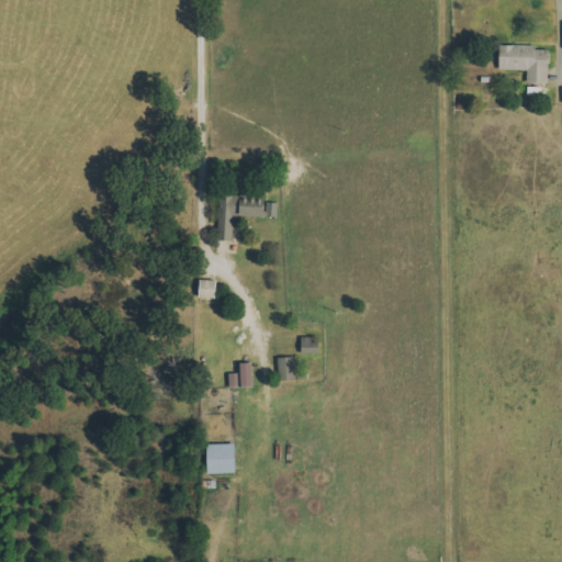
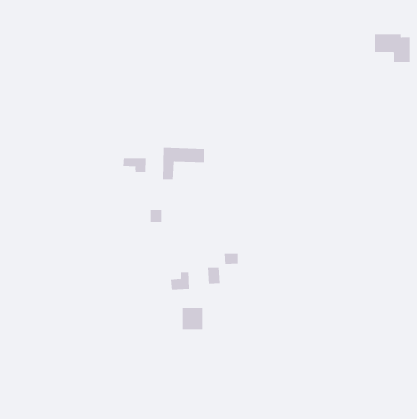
building: none -> [123,157,146,173]
building: [206,443,235,473] -> [182,308,203,330]

